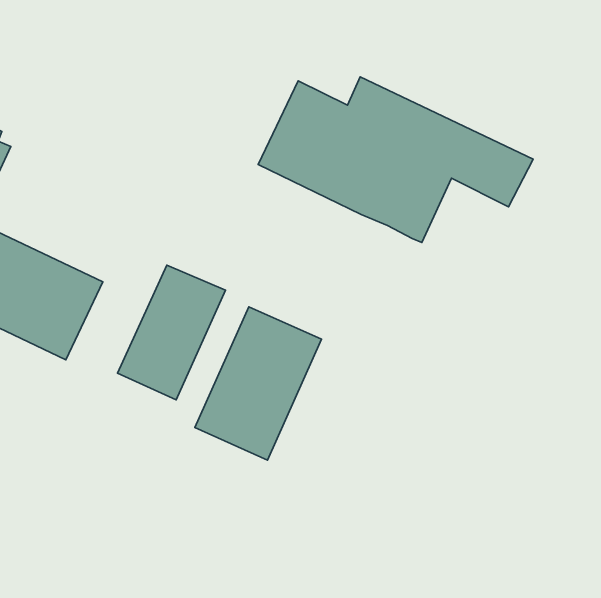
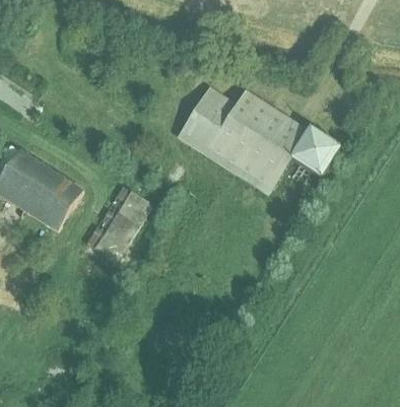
building: [195,307,322,460] -> none

